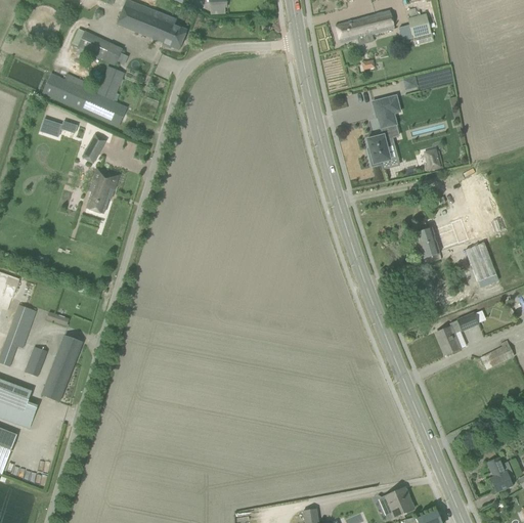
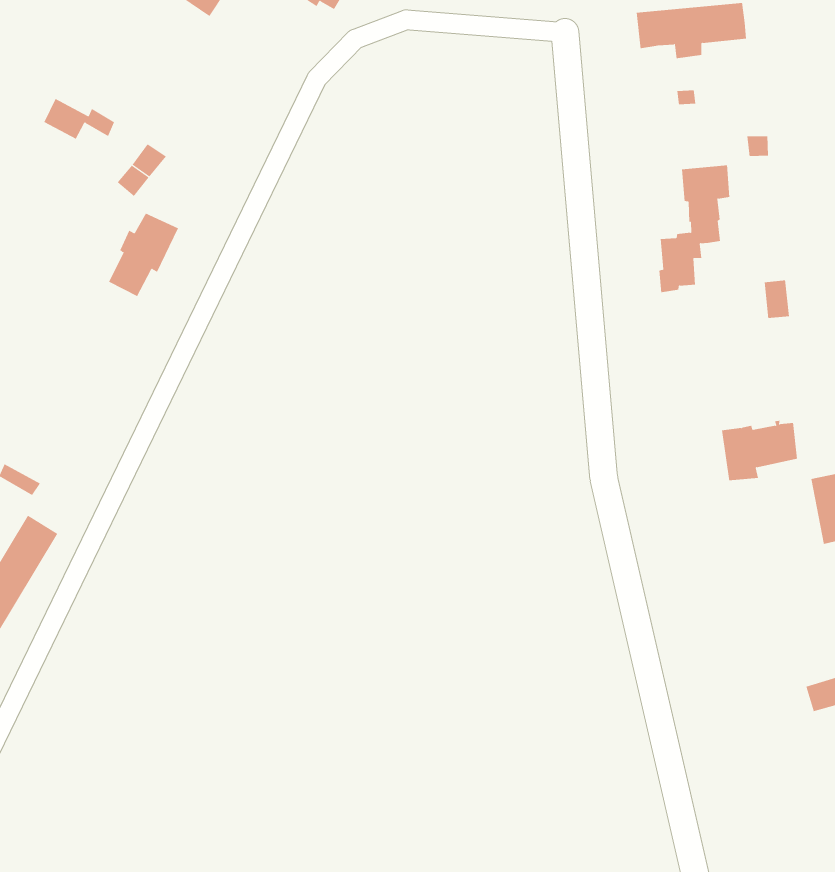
building: [407,12,431,38] -> none
building: [42,64,127,126] -> none
building: [435,312,478,353] -> none

